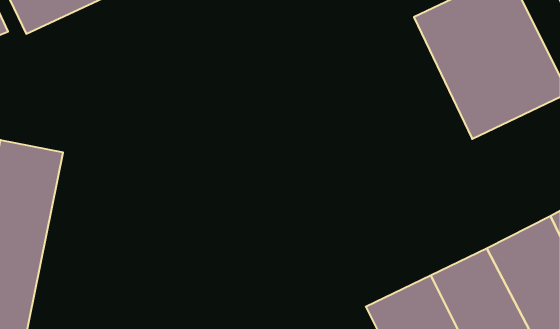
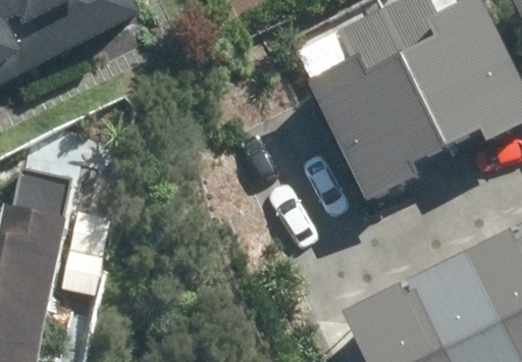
building: none -> [309,48,440,196]

